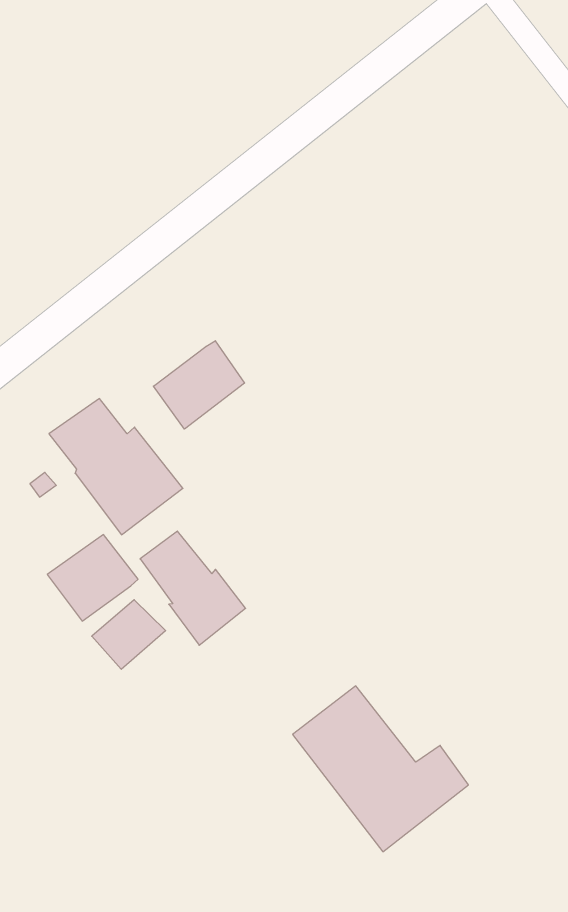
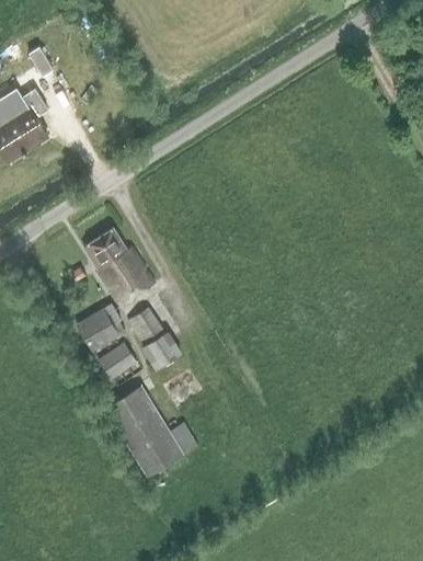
building: [153,341,245,429] -> none
building: [293,686,468,852] -> [104,385,197,477]

